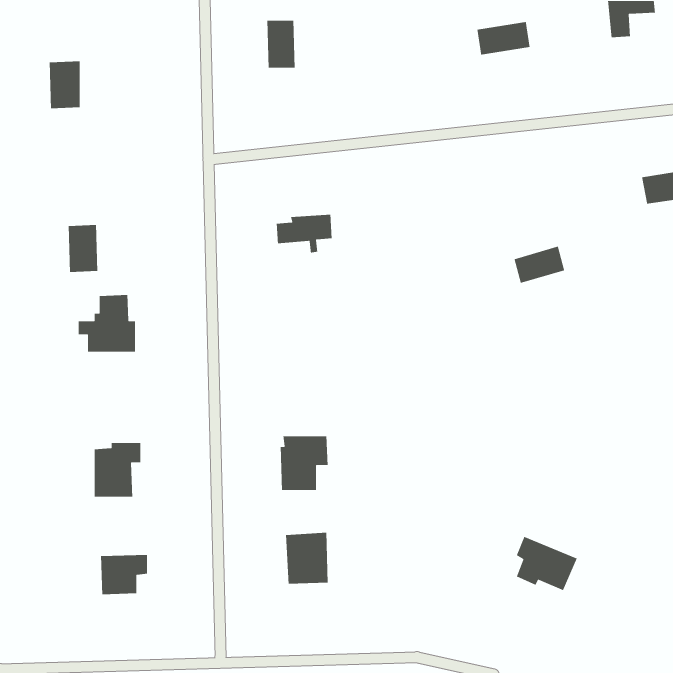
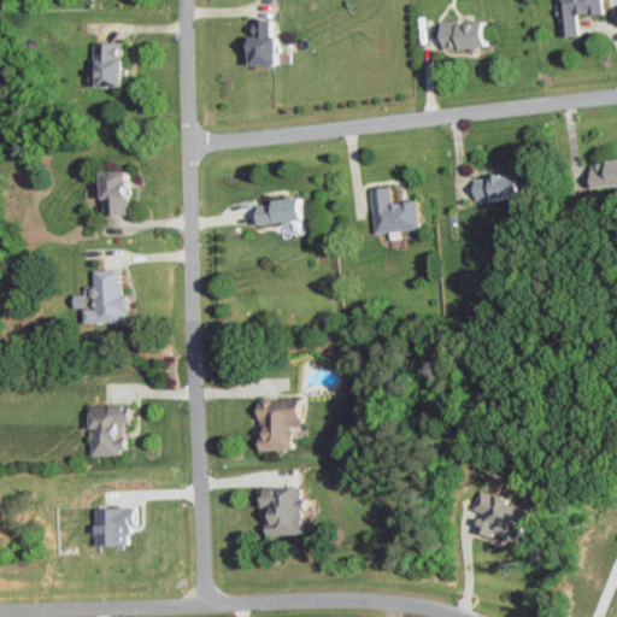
building: [49,60,81,109] -> [90,41,119,86]
building: none -> [369,186,417,233]
building: [68,224,98,273] -> [98,170,125,215]
building: [514,246,565,284] -> [471,171,518,206]

